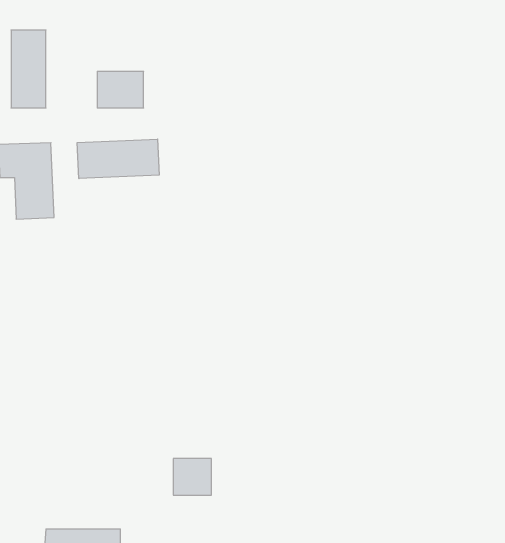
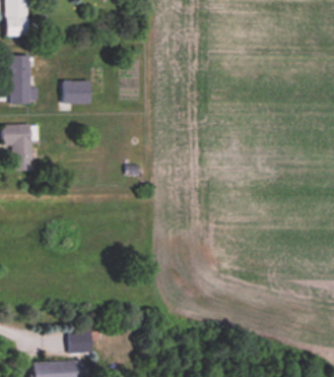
building: [77,139,159,179] -> none
building: [173,459,211,495] -> [67,331,90,354]

